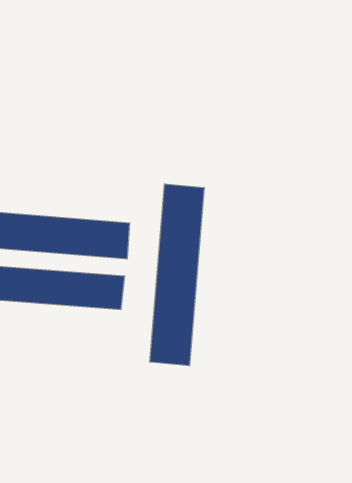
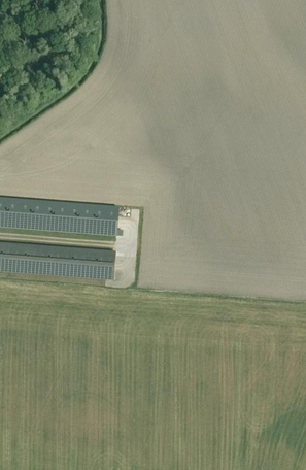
building: [150,184,204,366] -> none

